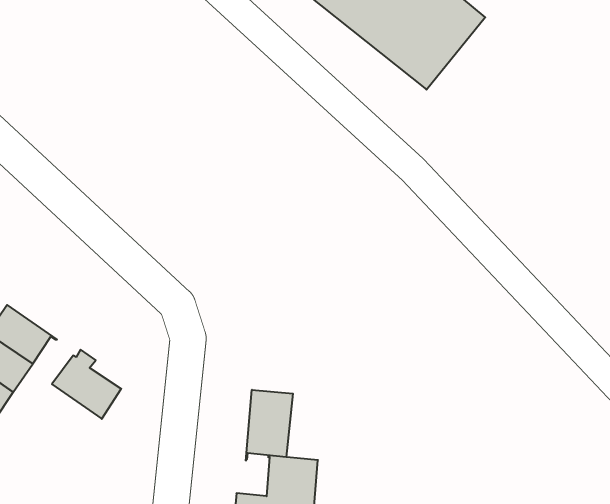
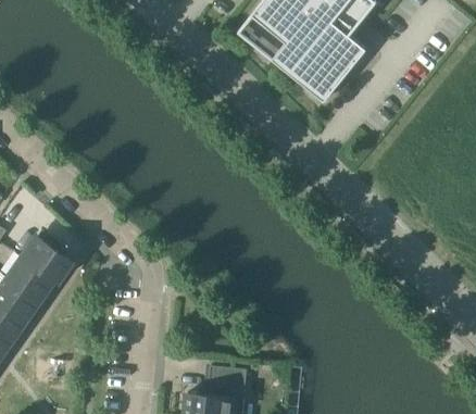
building: [52,350,121,419] -> [22,231,72,281]
building: [246,390,293,461] -> none

